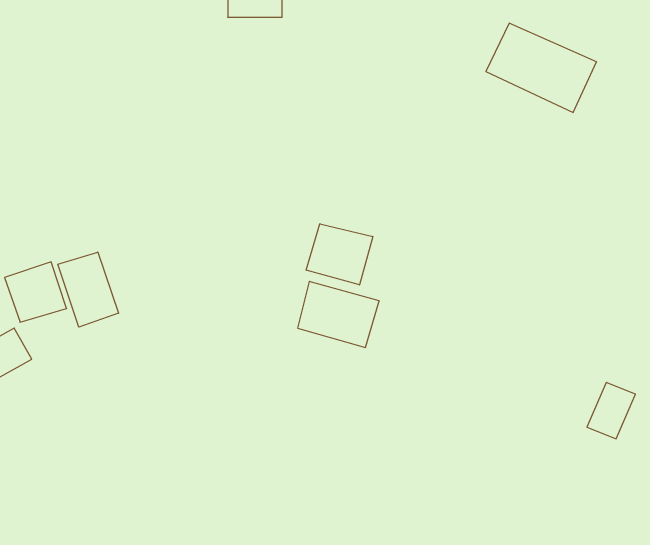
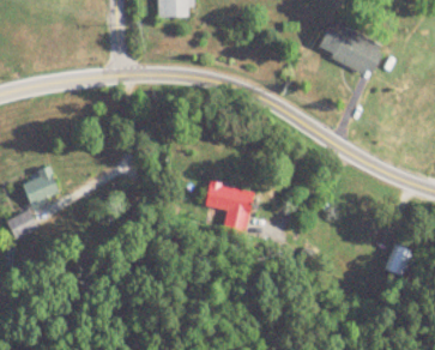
building: [306,224,373,285] -> none
building: [58,252,119,327] -> none

